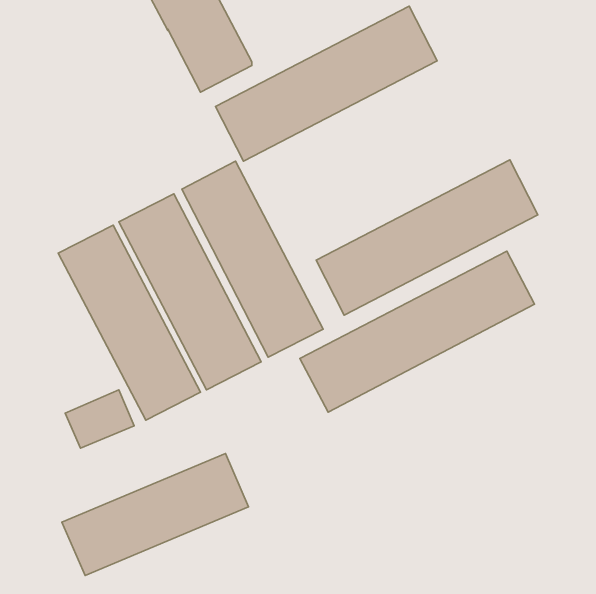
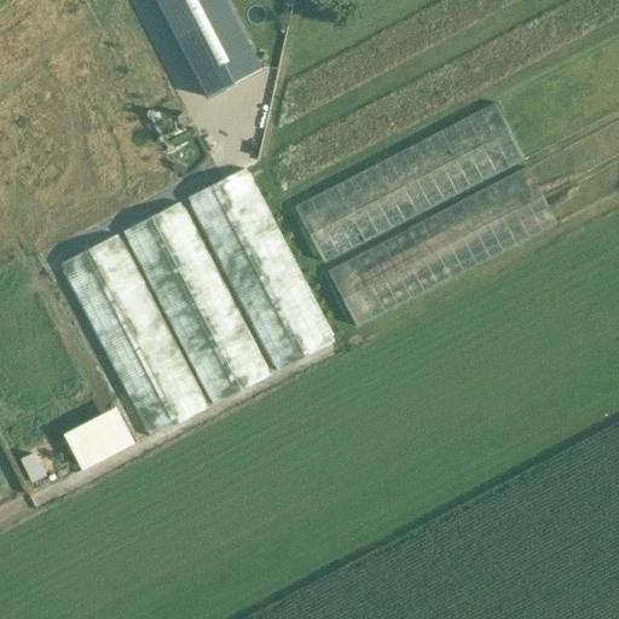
building: [215,6,437,161] -> [295,102,525,262]
building: [300,251,534,412] -> none
building: [62,454,248,576] -> none

